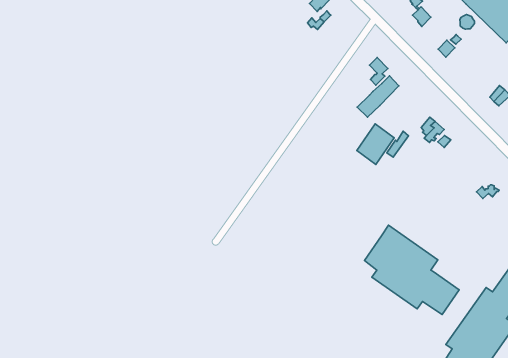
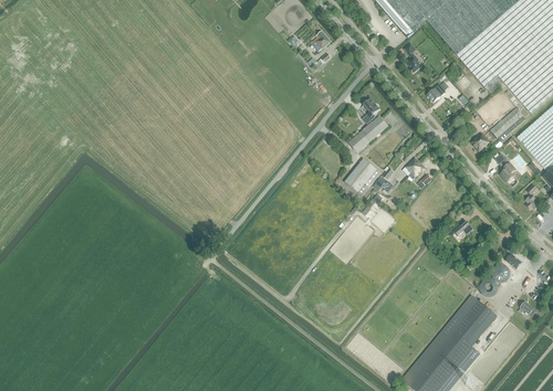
building: [364,225,459,315] -> none

